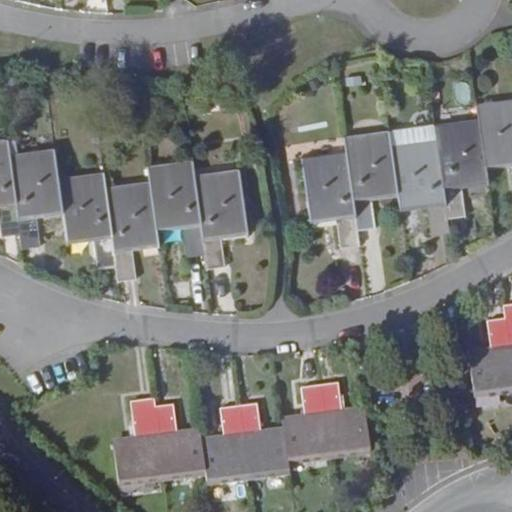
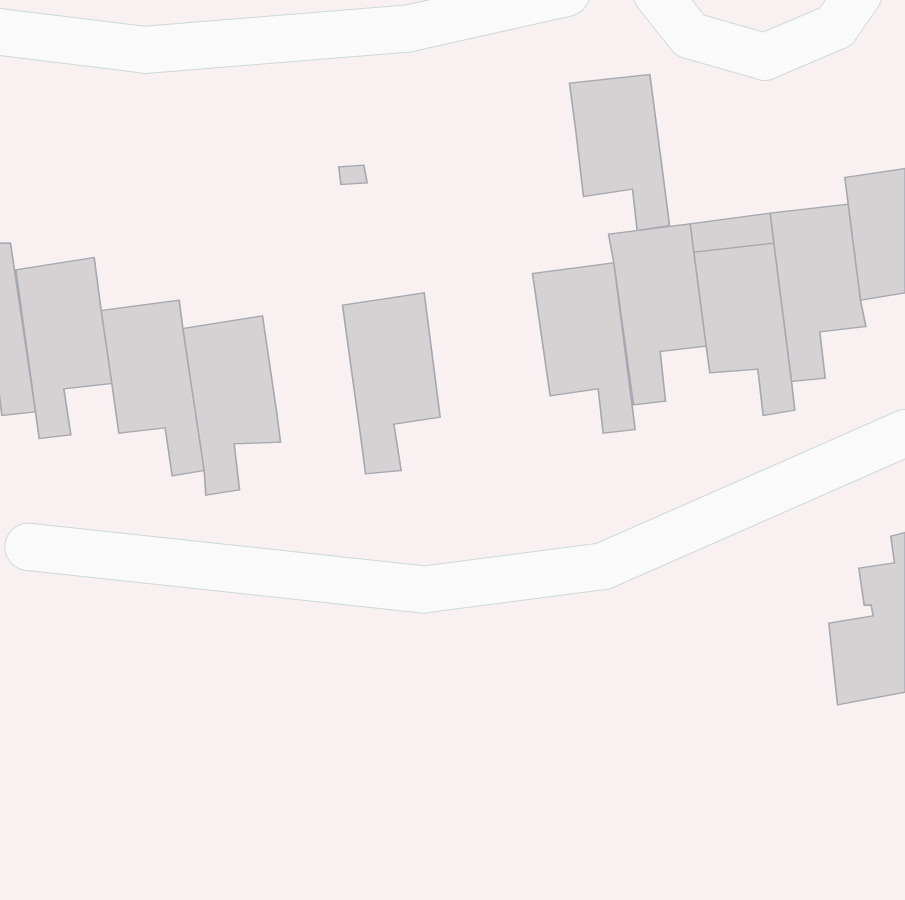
building: none -> [569,74,670,231]
building: [146,158,204,255] -> none
building: [120,385,384,491] -> none

